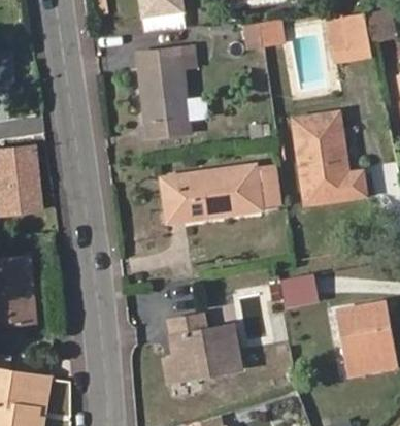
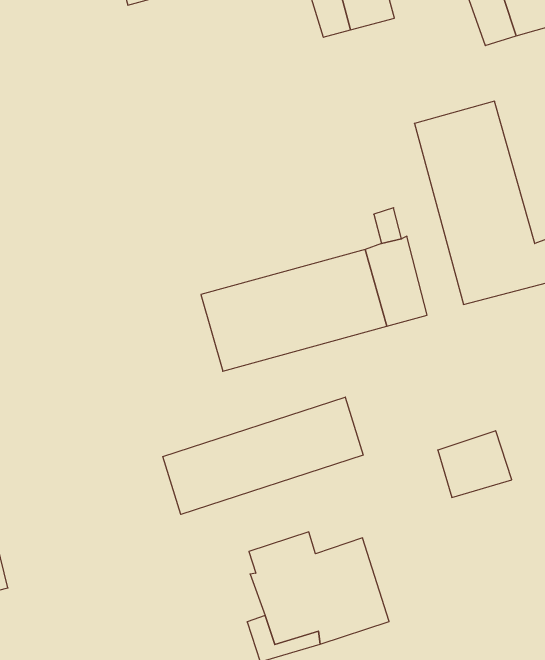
building: [137,48,195,136] -> none
building: none -> [163,397,363,514]

